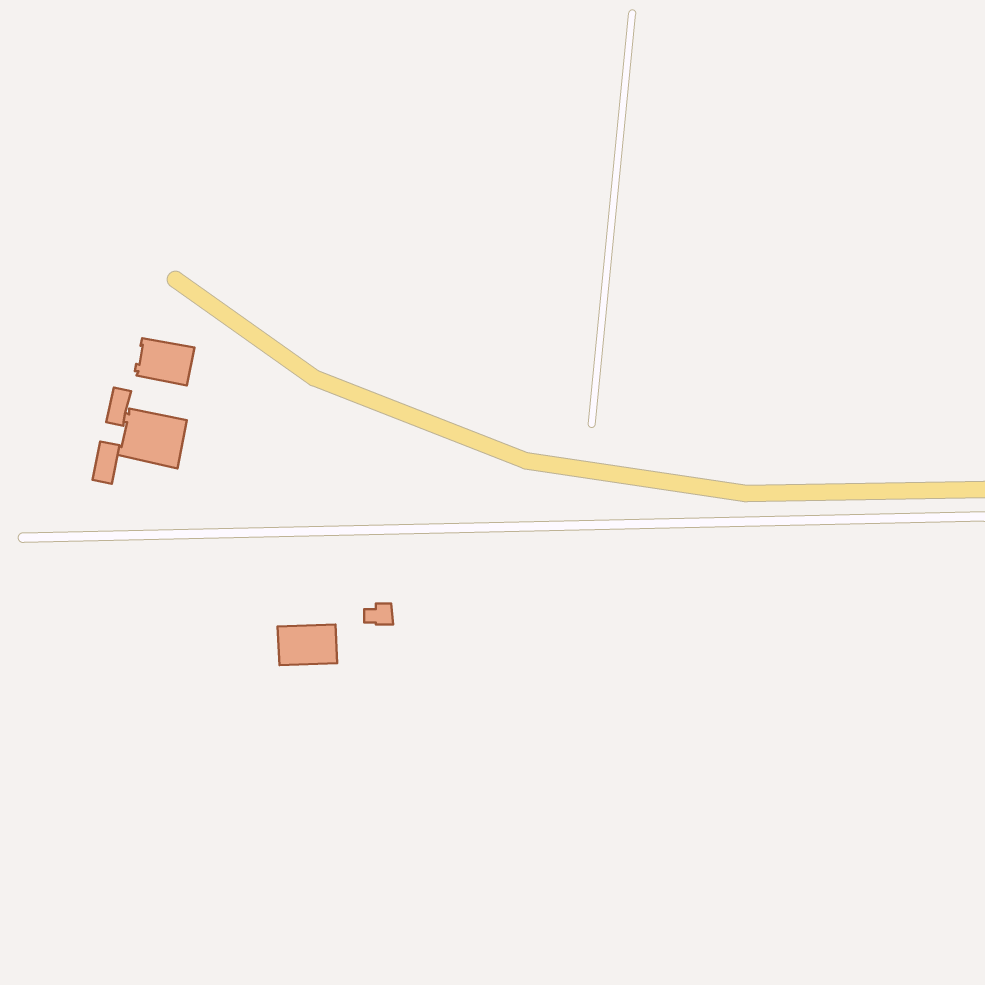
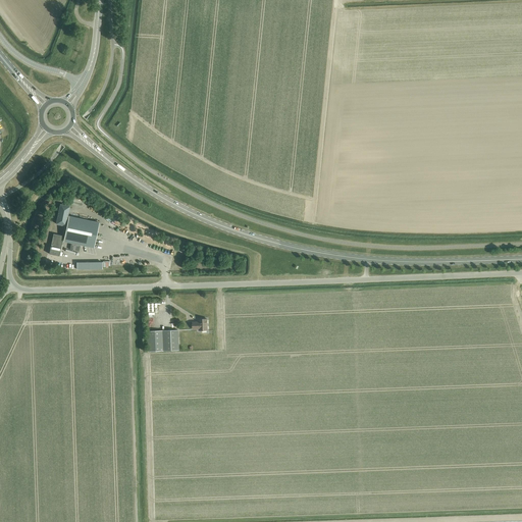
building: [135,338,194,385] -> none

